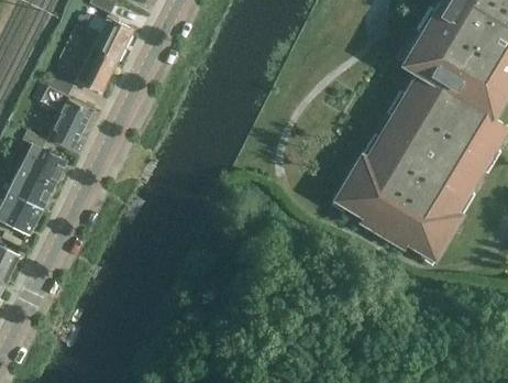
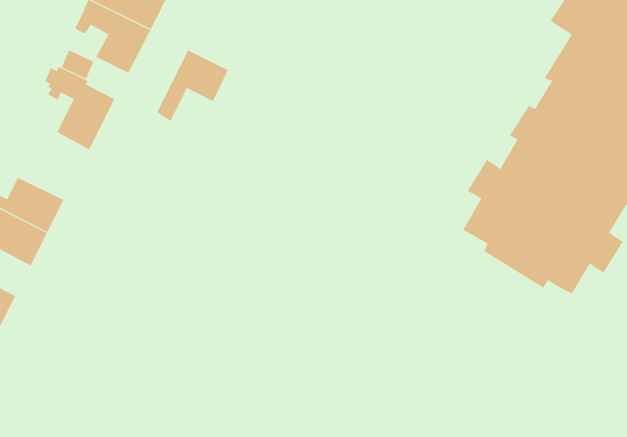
building: none -> [157,50,228,122]
building: [19,131,65,185] -> none

